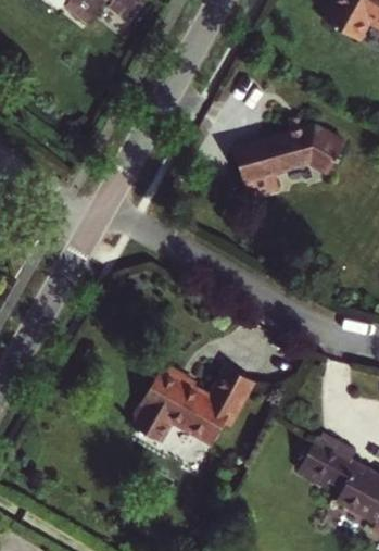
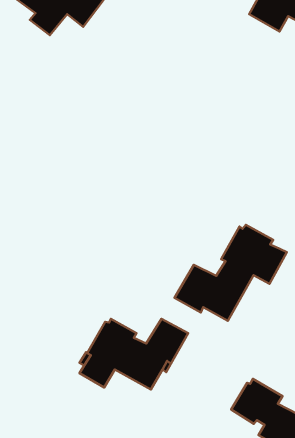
building: [232,124,345,198] -> none
building: none -> [175,225,287,321]

